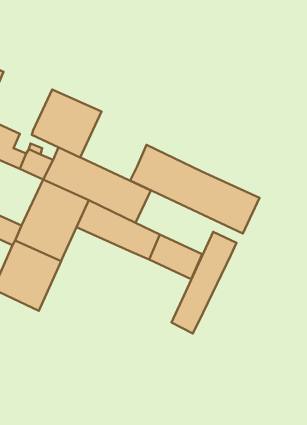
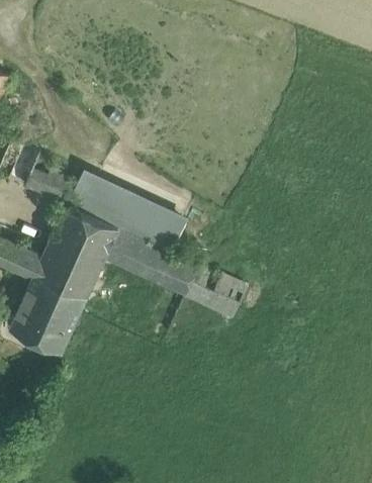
building: [32,89,101,157] -> none
building: [130,145,259,233] -> none
building: [172,232,237,333] -> none

